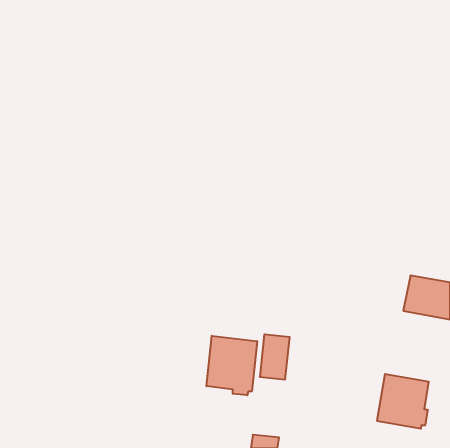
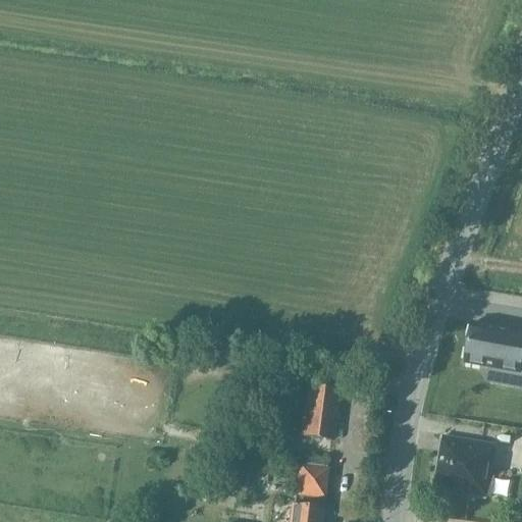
building: [207,336,257,395] -> none
building: none -> [295,465,328,498]

